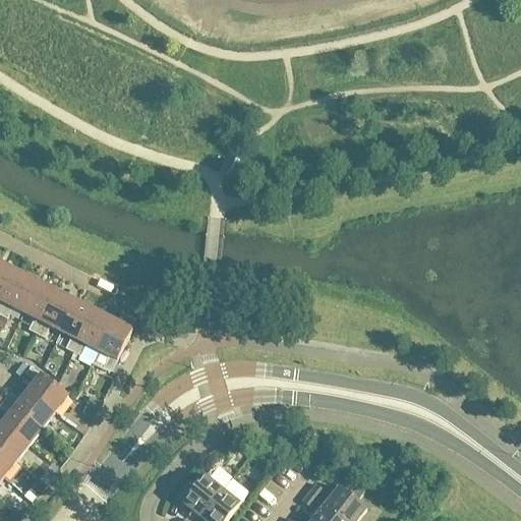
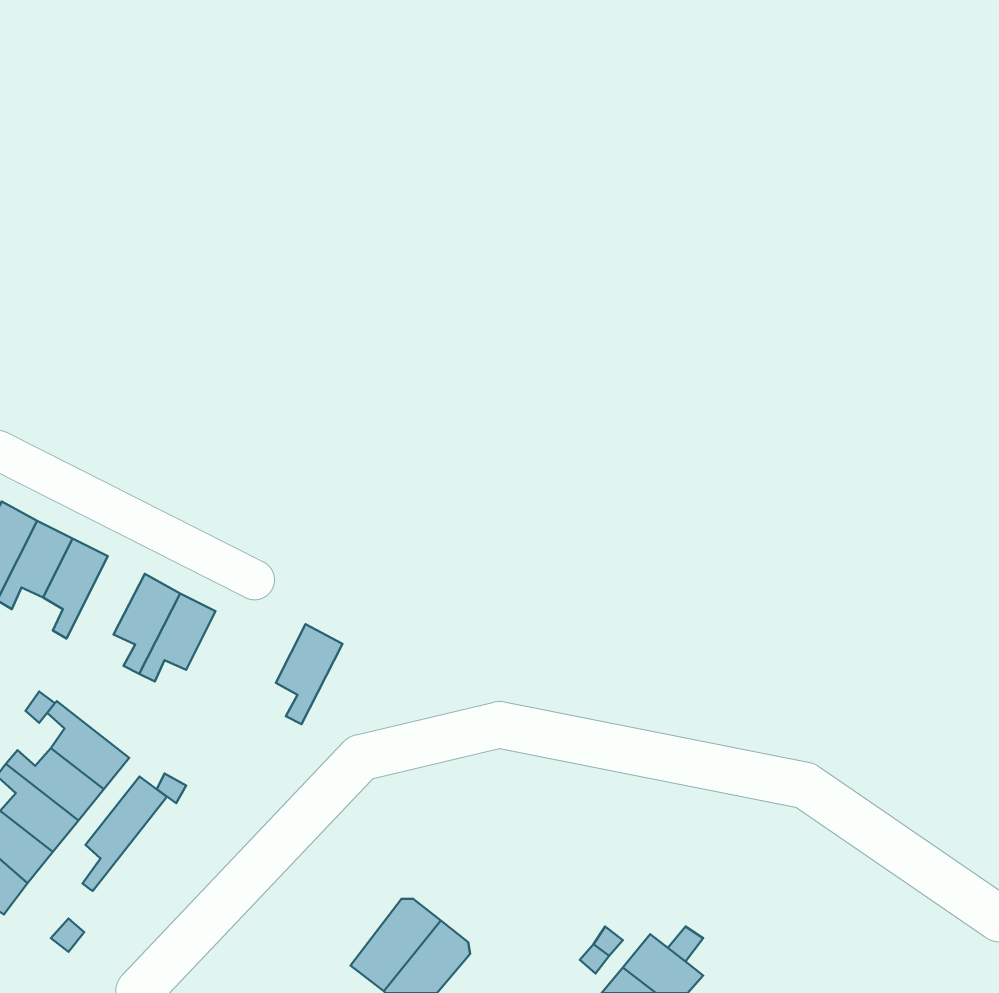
building: [35,289,75,336] -> none
building: [97,317,131,369] -> [276,624,343,724]
building: none -> [82,776,167,891]

